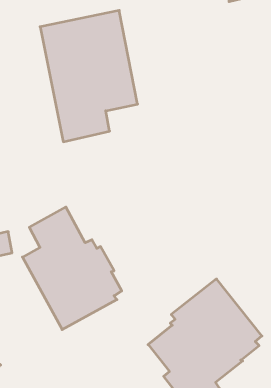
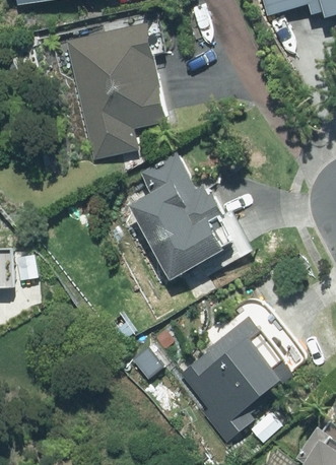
building: [22,207,122,330] -> [131,151,236,280]

